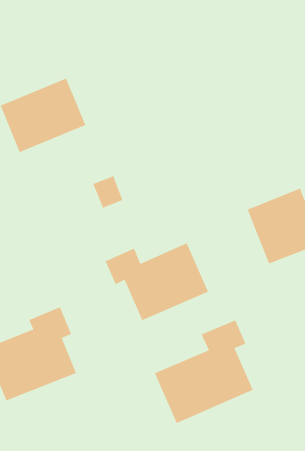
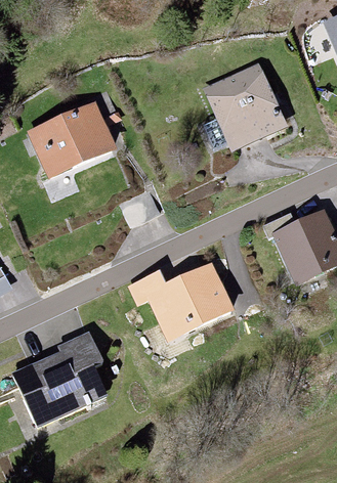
building: none -> [205,69,288,152]
building: [154,320,253,424] -> none

